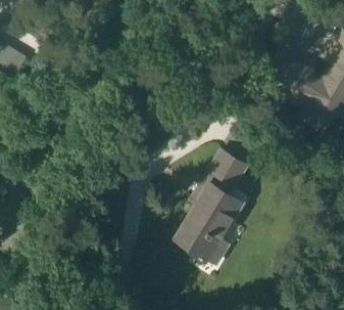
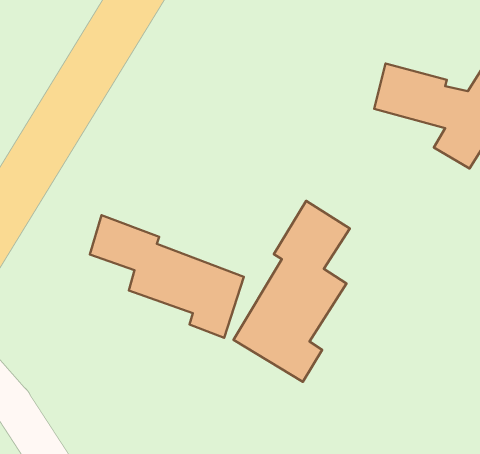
building: none -> [90,215,244,338]

